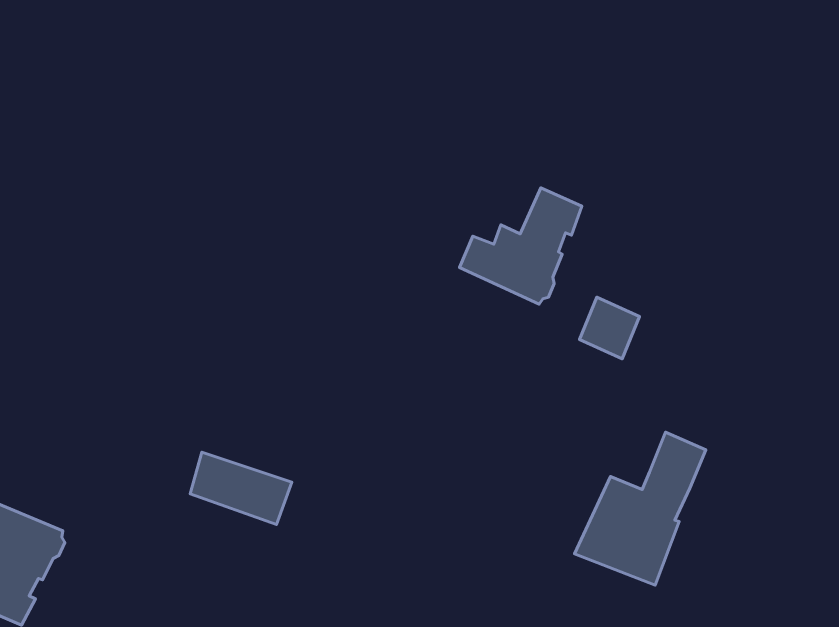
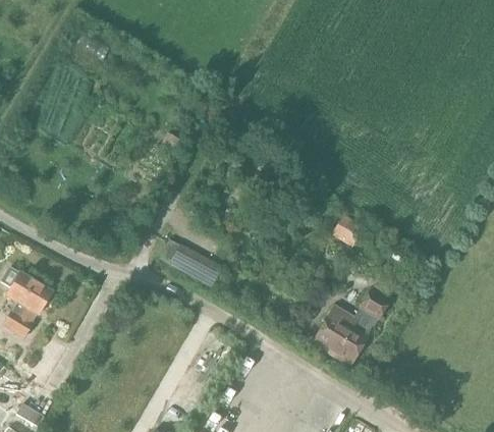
building: [459,188,582,304] -> none
building: [190,452,292,524] -> [169,242,222,285]

